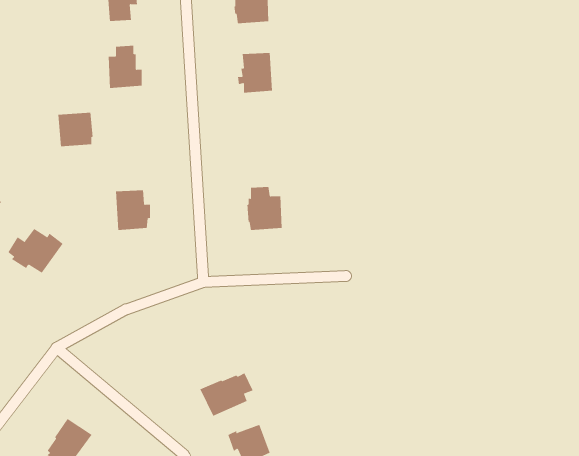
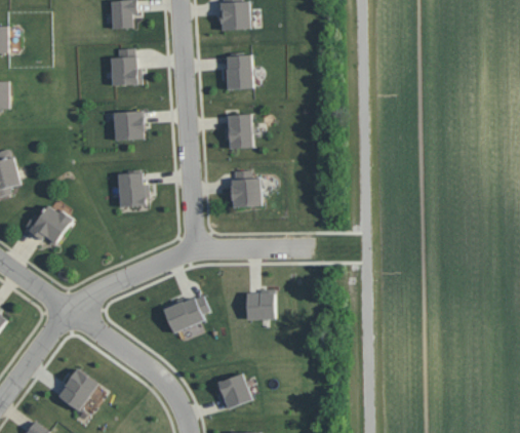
building: [58,112,93,147] -> [113,111,144,141]
building: none -> [227,115,252,149]
building: none -> [246,290,274,320]
building: [200,372,253,417] -> [162,296,208,333]

